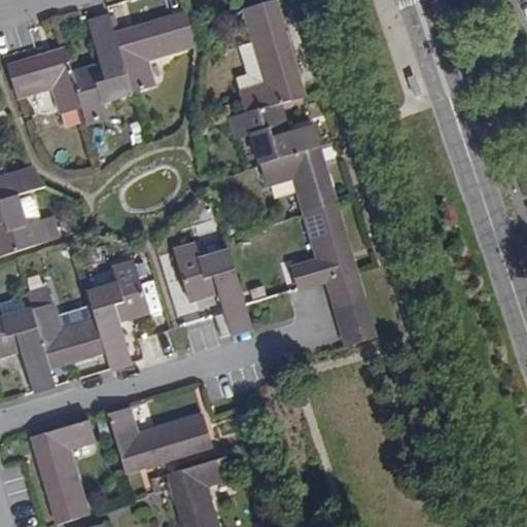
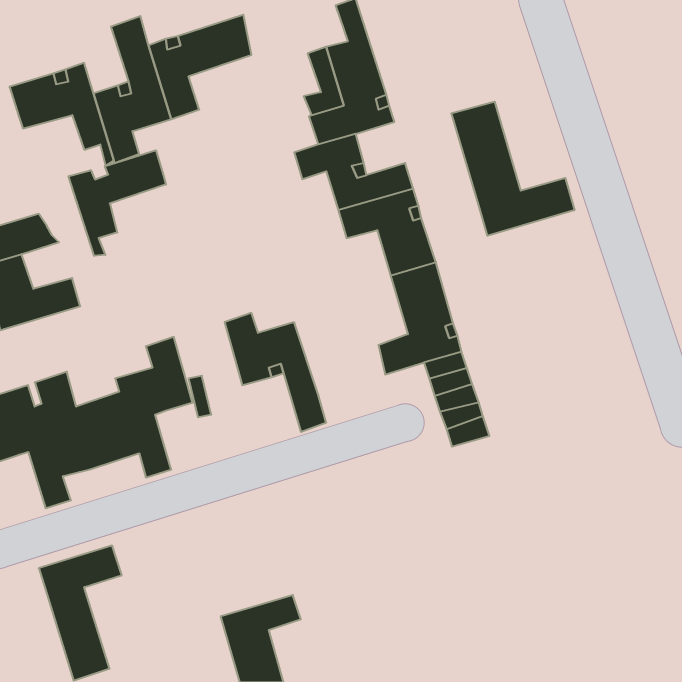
building: none -> [451,102,574,236]
building: none -> [69,150,166,256]
building: [106,407,209,469] -> none

